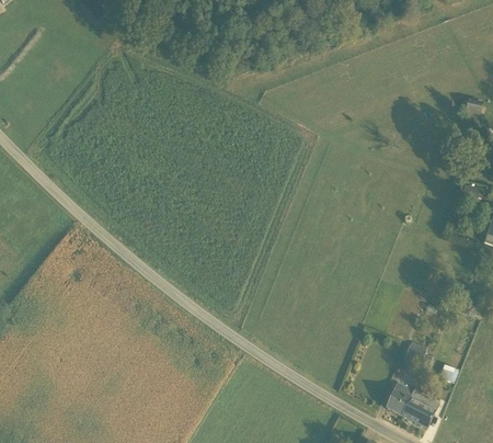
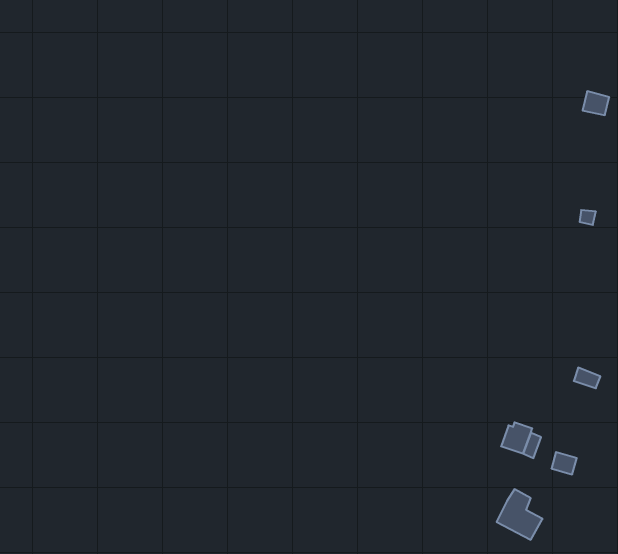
building: [386,382,413,413] -> none

